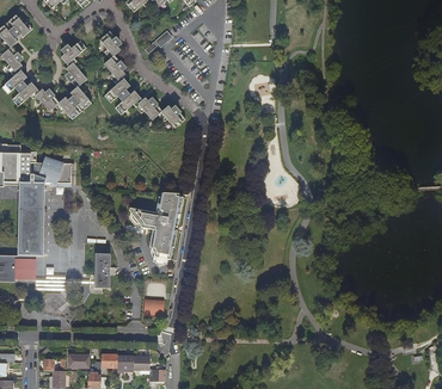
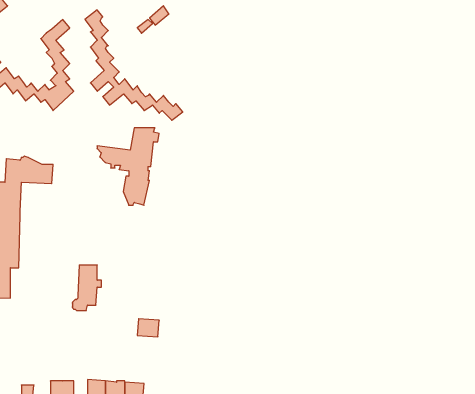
building: [128,192,182,259] -> [97,128,159,205]

